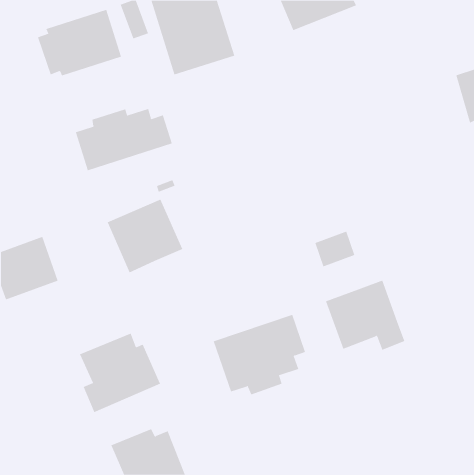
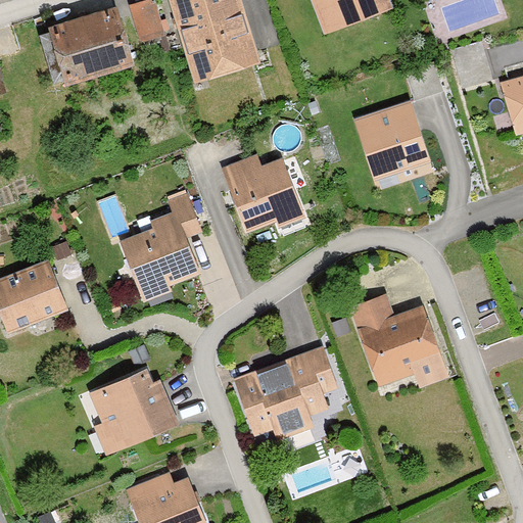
building: none -> [358,104,435,183]
building: [75,108,172,171] -> none
building: none -> [221,152,302,231]
building: [314,231,355,267] -> [349,291,394,331]

